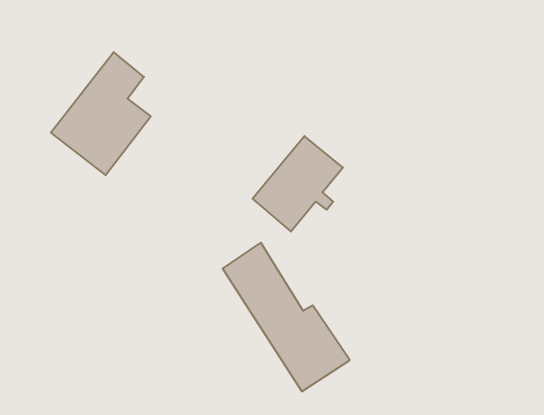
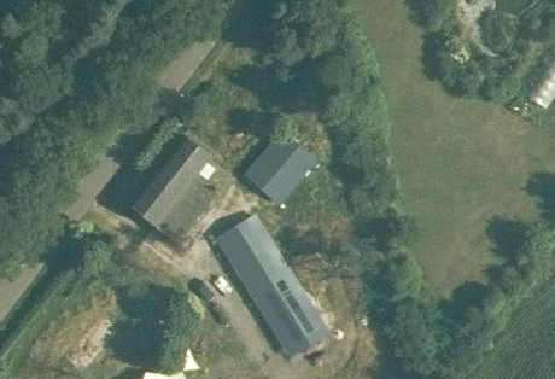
building: [51,52,151,175] -> [127,138,215,246]

